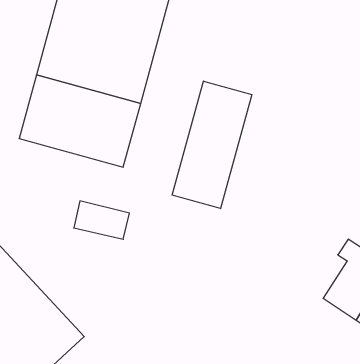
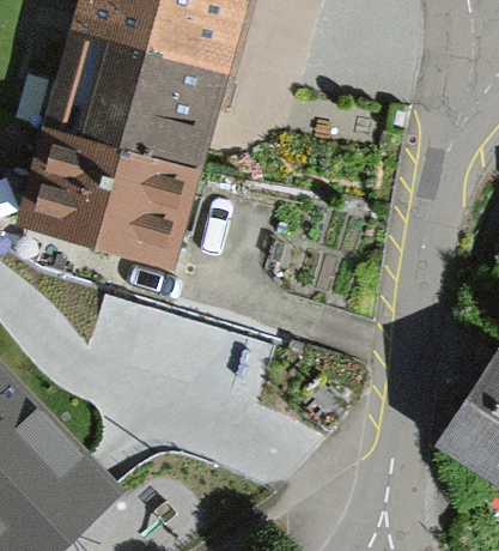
building: [172,81,252,209] -> none

